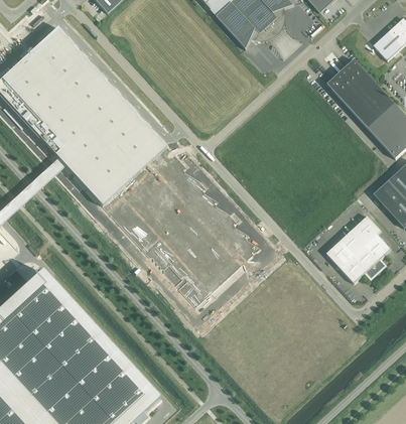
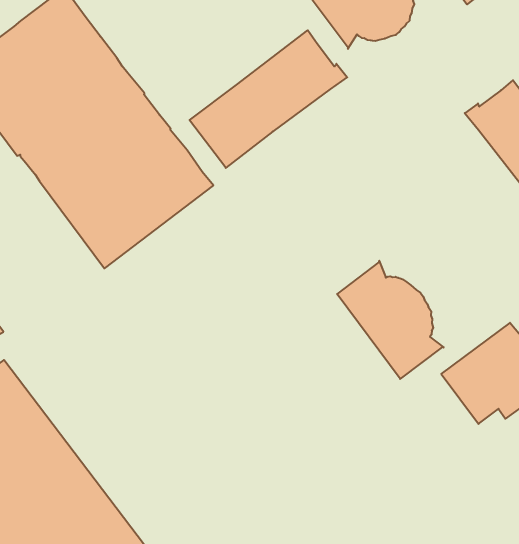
building: none -> [190,30,347,168]
building: none -> [337,261,444,379]

